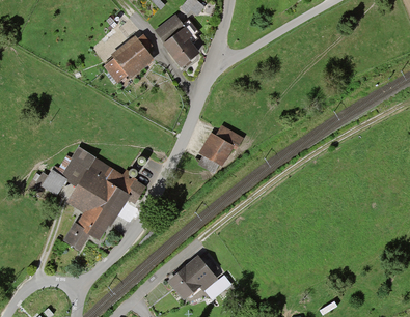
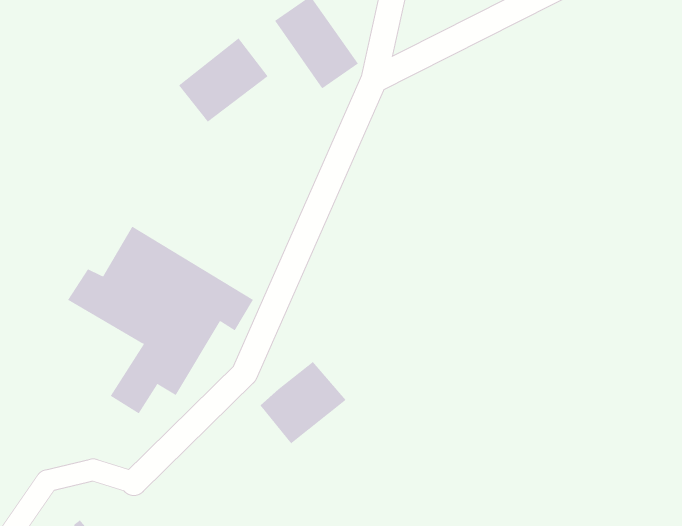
building: [199,125,244,166] -> none
building: [169,256,218,302] -> [260,361,346,444]

